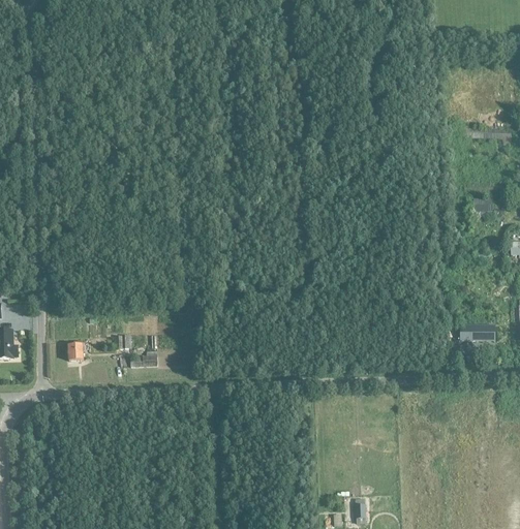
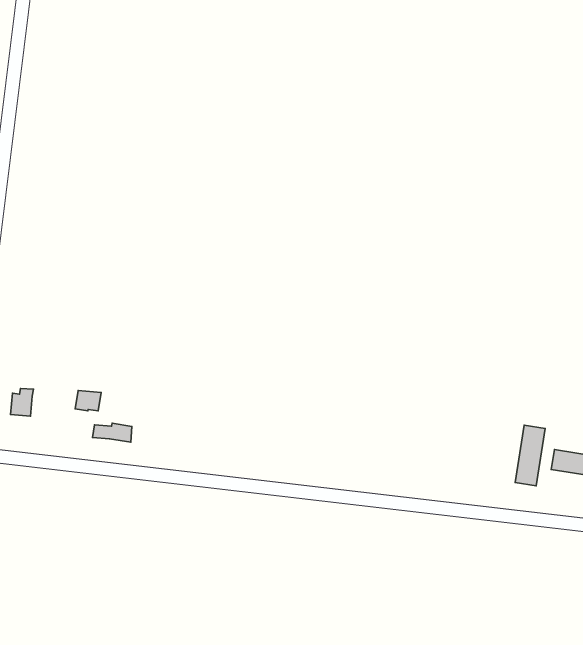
building: none -> [515,425,545,486]

